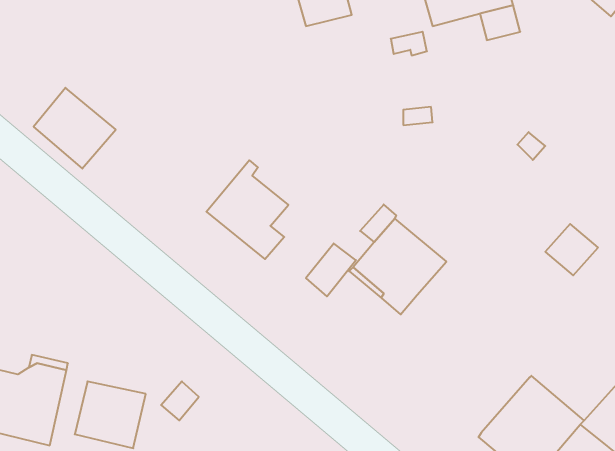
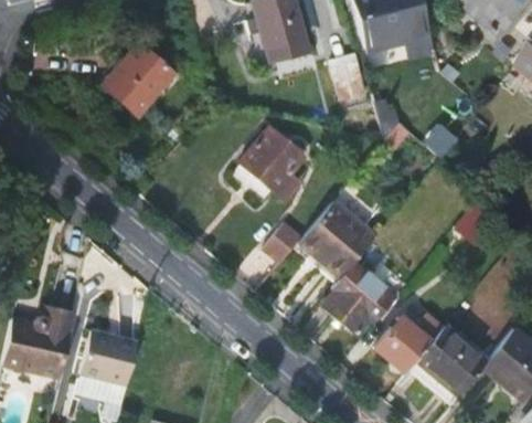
building: [34,88,116,169] -> [107,44,172,108]
building: [206,160,288,259] -> [241,121,306,200]
building: none -> [323,262,395,335]
building: none -> [375,314,443,371]

